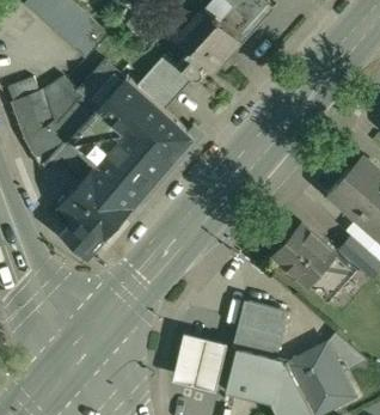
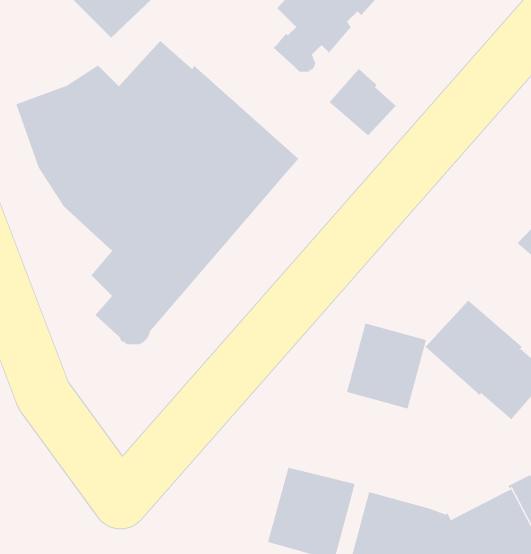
building: [146,53,189,96] -> [329,68,396,136]
building: [237,303,288,358] -> [346,323,427,409]

